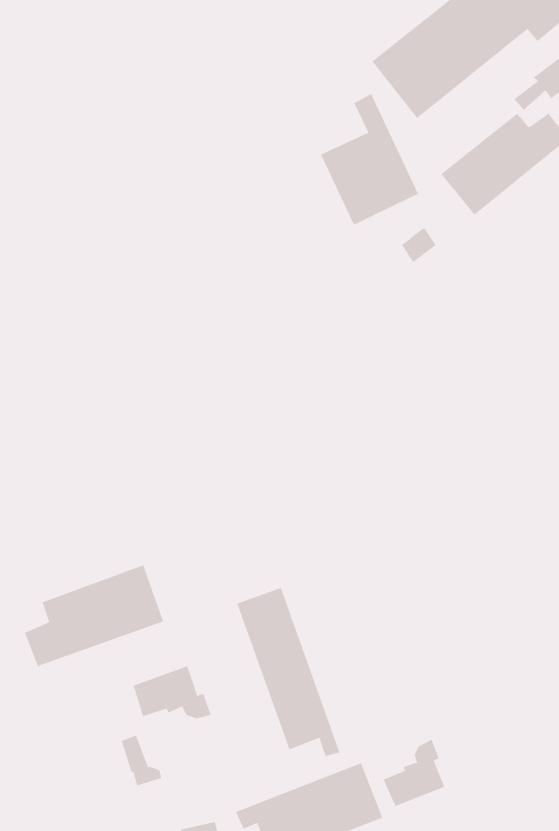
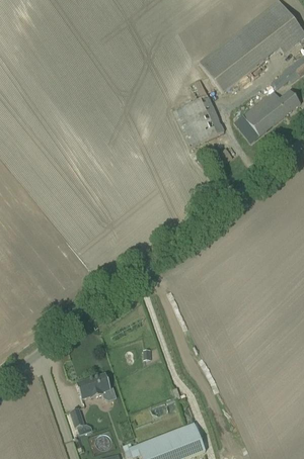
building: [24,565,164,667] -> none
building: [236,587,340,757] -> none
building: [383,739,445,807] -> none

